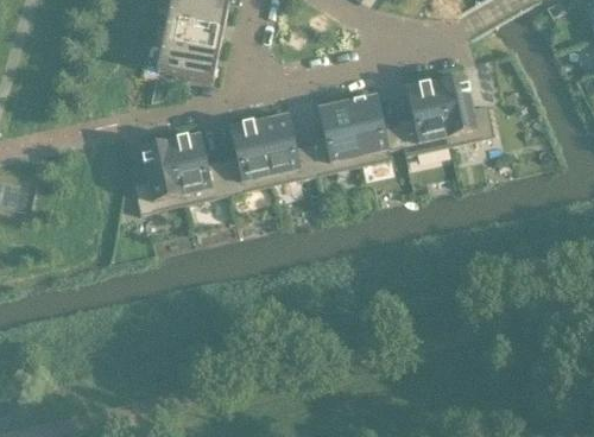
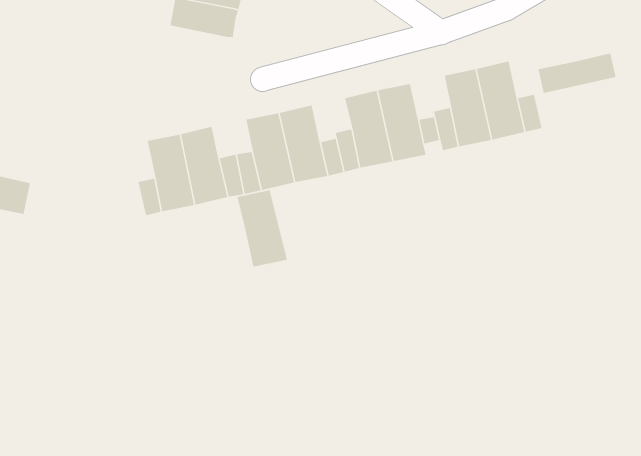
building: [156,42,217,78] -> none
building: none -> [538,53,616,94]
building: none -> [236,190,288,268]

